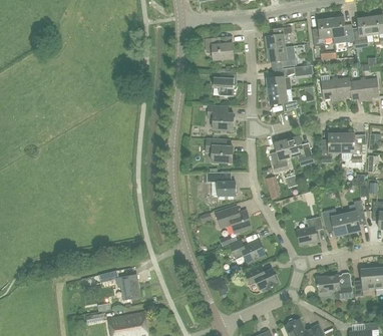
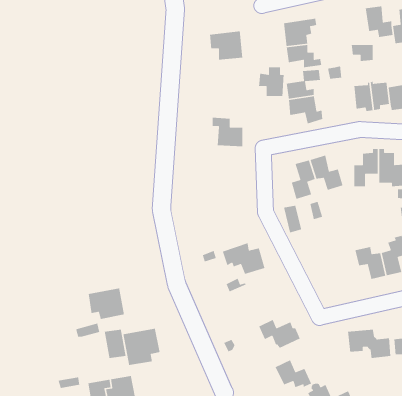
building: [312,17,333,45] -> none
building: [213,70,234,94] -> [258,67,285,97]
building: [206,137,232,161] -> none
building: [207,172,235,195] -> none
building: [296,216,323,243] -> none
building: [230,239,265,261] -> none
building: none -> [88,287,125,320]
building: none -> [122,328,160,366]
building: none -> [274,359,312,388]

